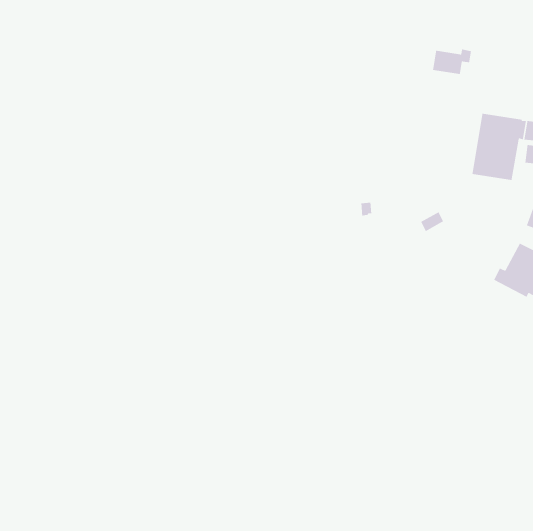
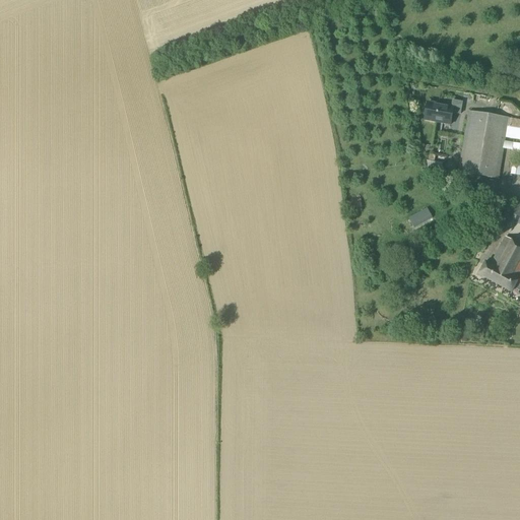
building: [432,49,472,75] -> [425,98,463,123]

